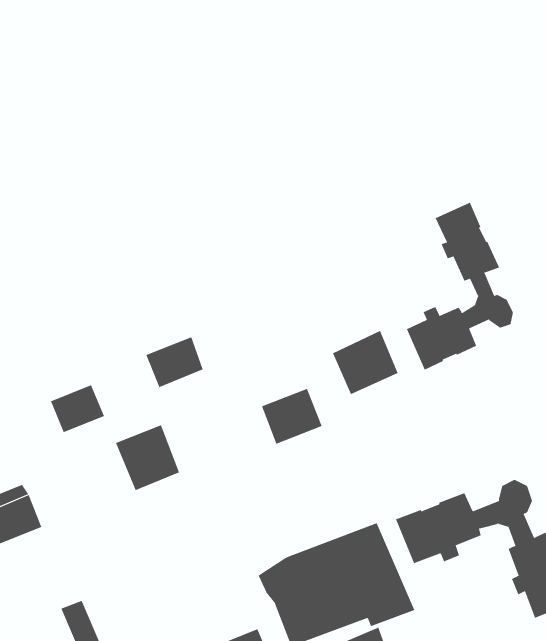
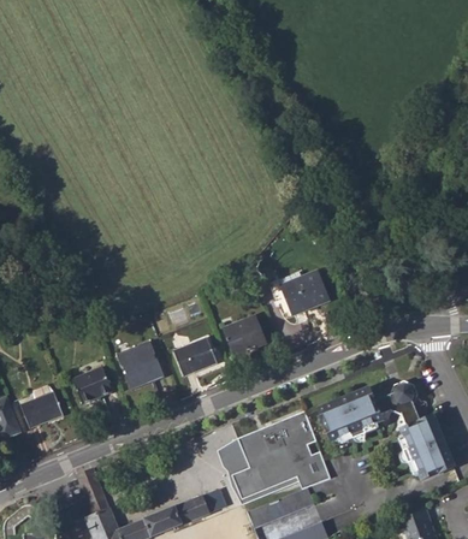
building: [406,202,513,371] -> none
building: [146,336,204,388] -> [173,338,215,375]
building: [50,385,105,433] -> [72,367,112,402]

